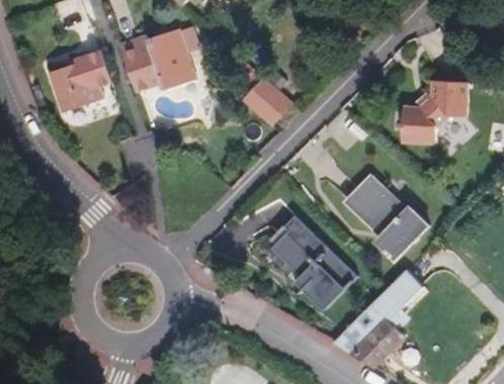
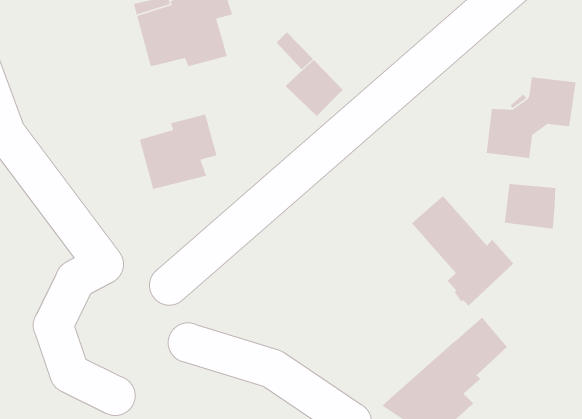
building: [50,50,111,111] -> [139,113,217,190]
building: none -> [504,183,556,230]
building: [267,215,357,309] -> none

